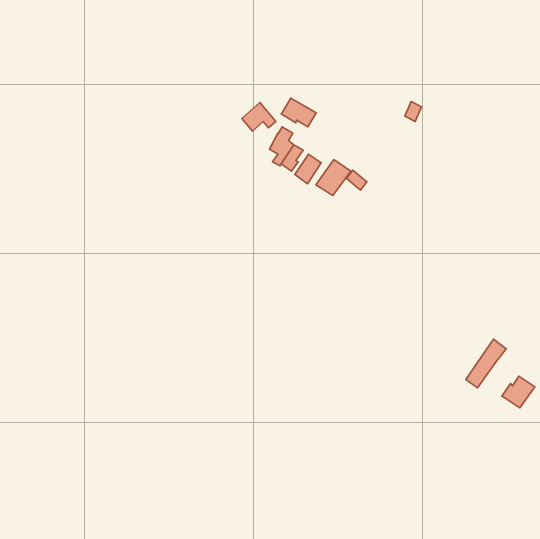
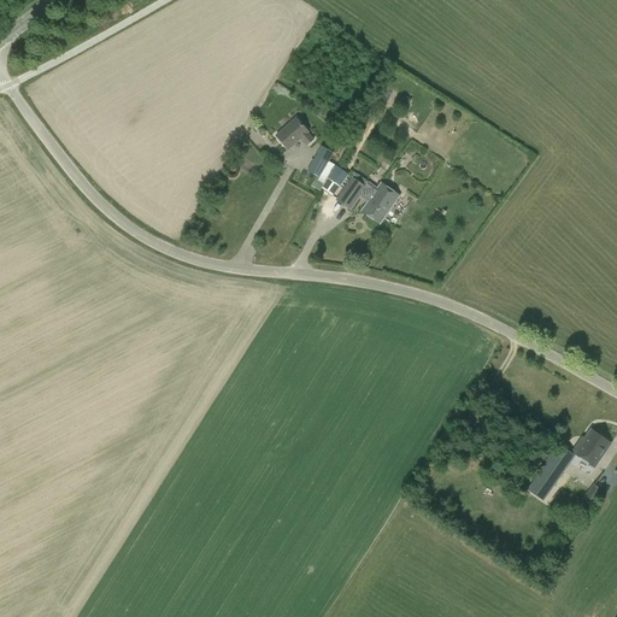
building: [281,98,316,127] -> none
building: [466,339,506,388] -> [529,443,575,499]

